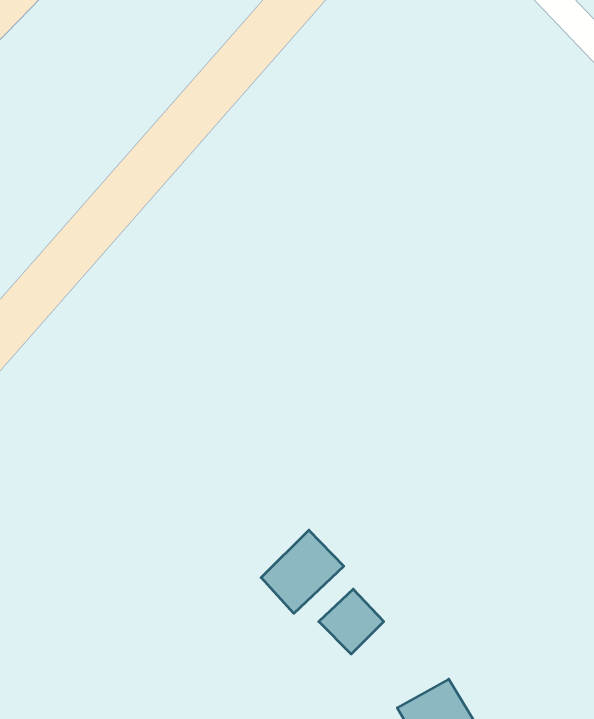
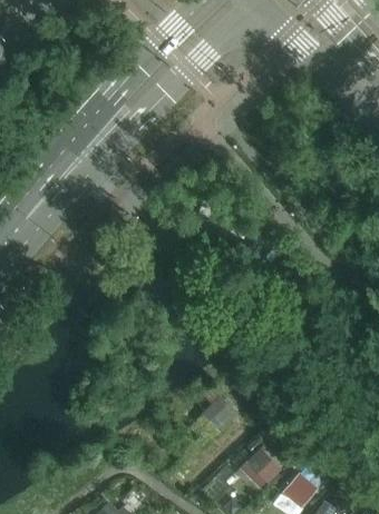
building: [261,530,344,613] -> none

